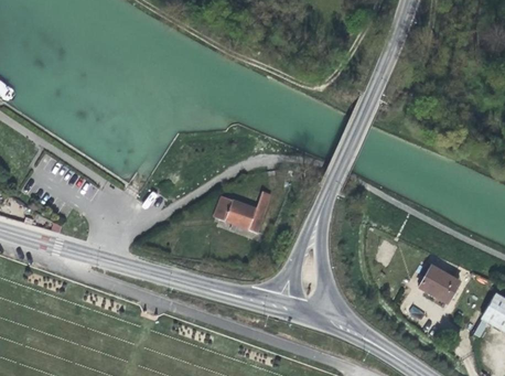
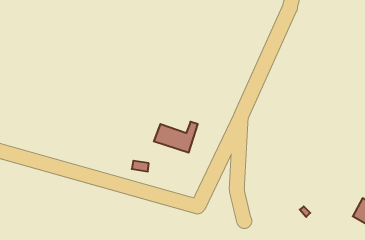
building: [419,264,460,302] -> none

